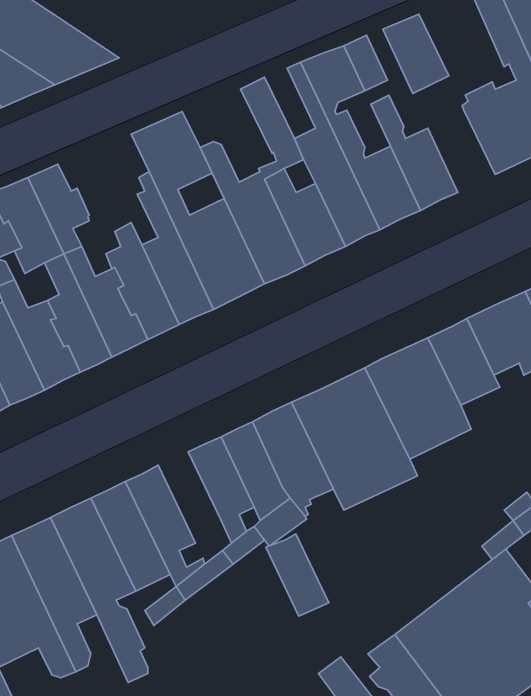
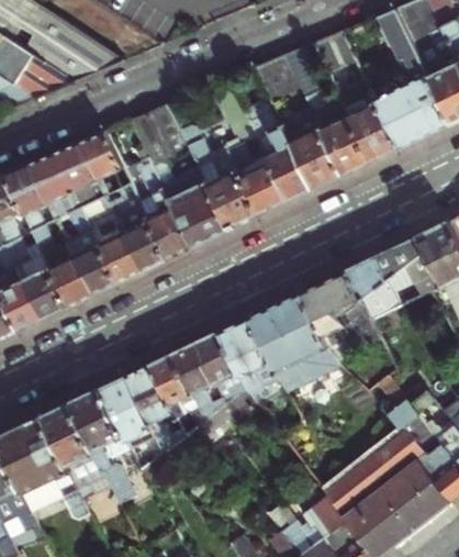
building: none -> [348,101,398,161]
building: none -> [77,129,131,190]
building: [266,534,329,616] -> [150,352,197,412]

